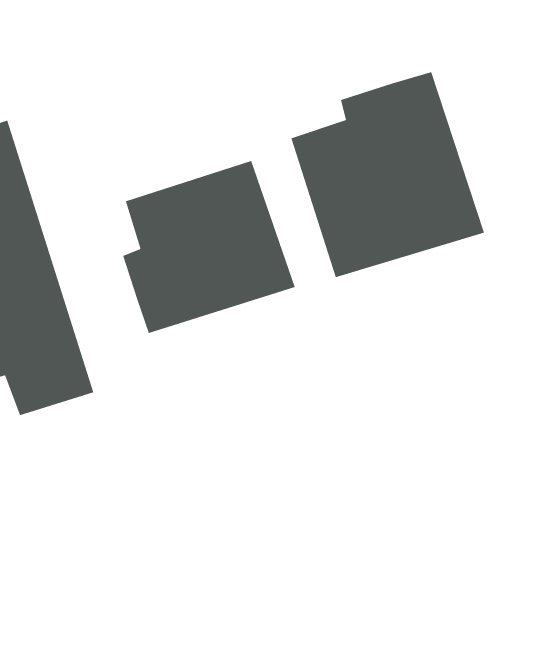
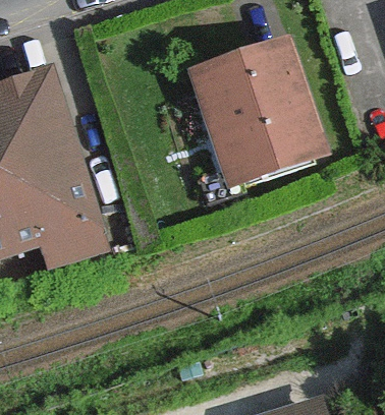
building: [122,160,296,334] -> none

